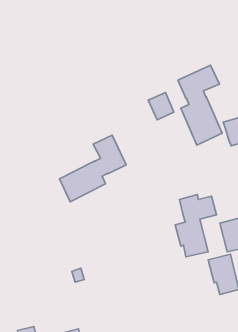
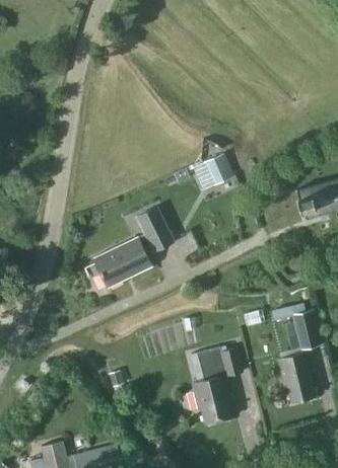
building: [178,65,222,145] -> none
building: [175,194,216,257] -> [192,346,243,423]

